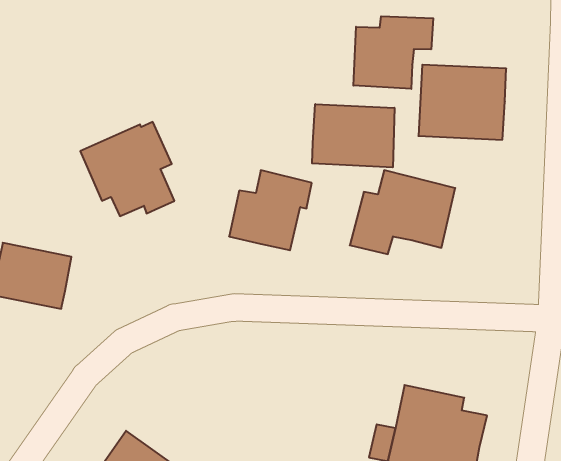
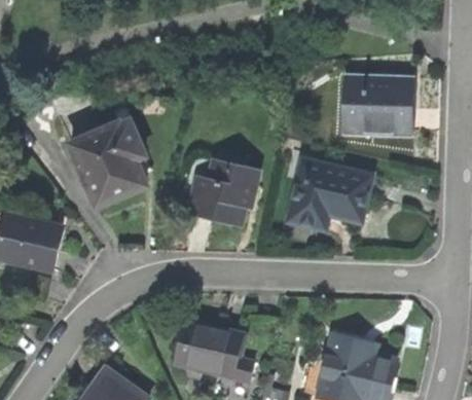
building: [353,16,433,89] -> none
building: [312,104,394,167] -> none
building: none -> [178,325,257,384]

